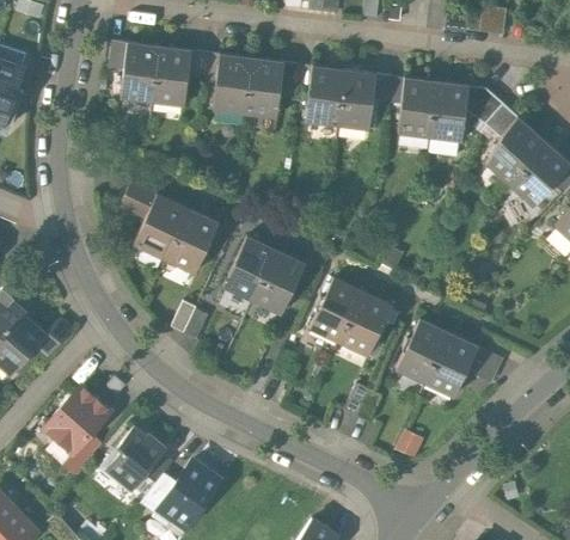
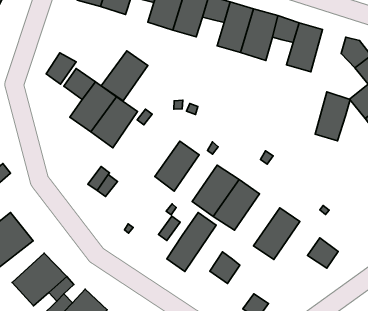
building: [430,81,467,141] -> [315,92,350,141]
building: none -> [46,53,76,84]
building: [223,239,278,303] -> [101,51,148,101]
building: [423,330,478,398] -> none
building: none -> [167,213,216,272]

